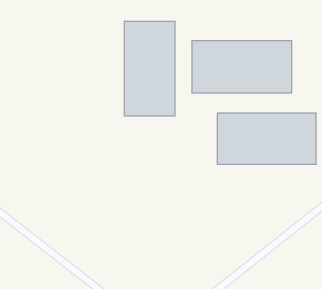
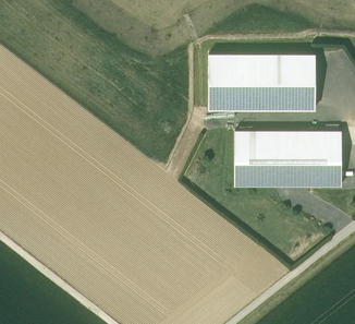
building: [125,21,175,116] -> none

